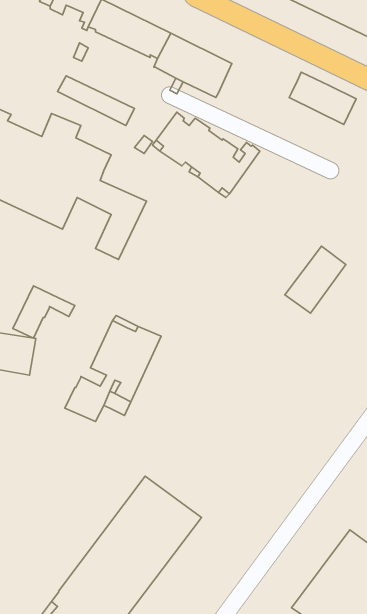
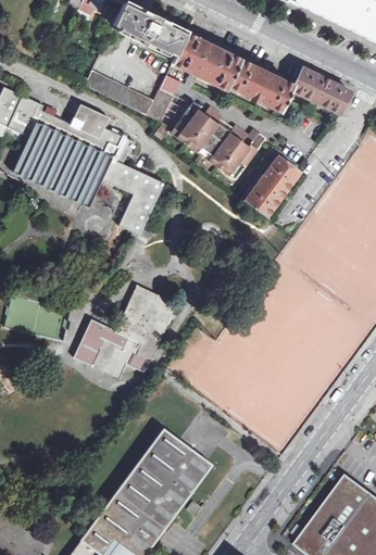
building: none -> [228,60,293,112]
building: none -> [146,76,178,123]
building: [285,246,346,313] -> [245,156,299,216]
building: [13,286,75,338] -> [73,320,128,367]

